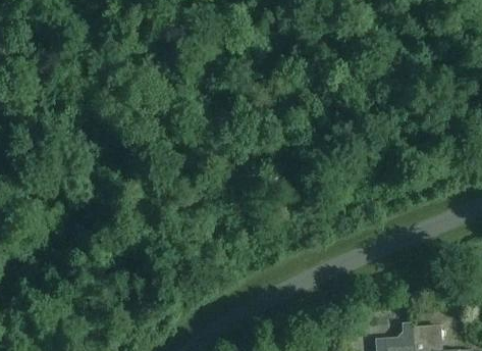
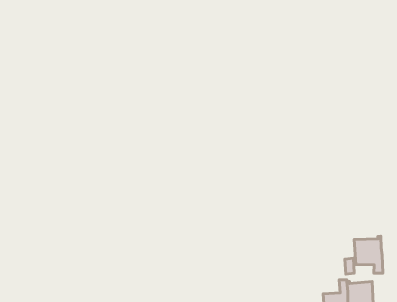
building: none -> [354,236,383,273]

